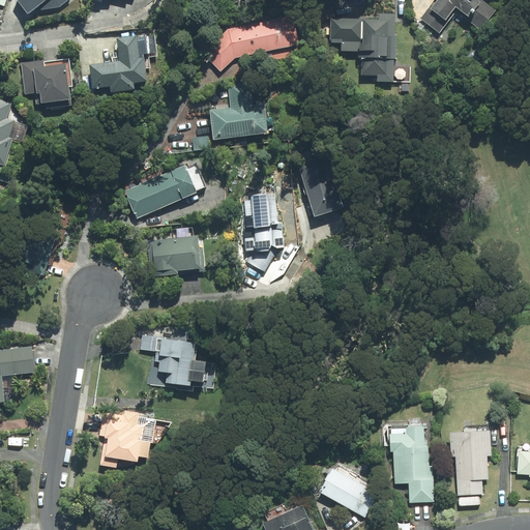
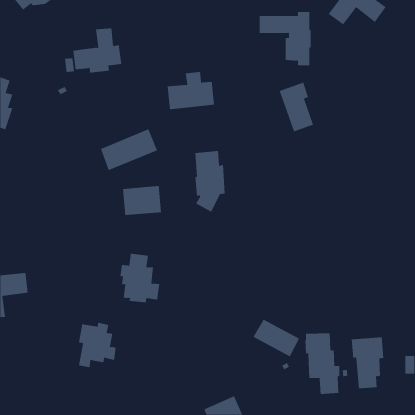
building: [202,14,302,71] -> none
building: [22,58,76,108] -> none
building: [301,152,346,216] -> [279,82,314,132]
building: [315,468,375,517] -> [253,319,300,357]

